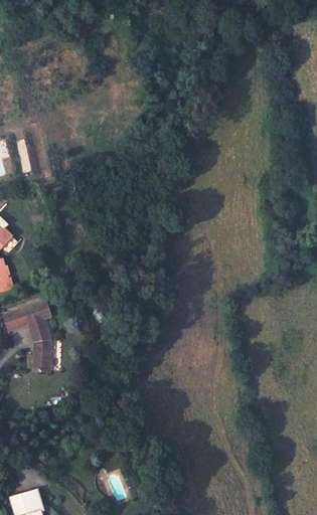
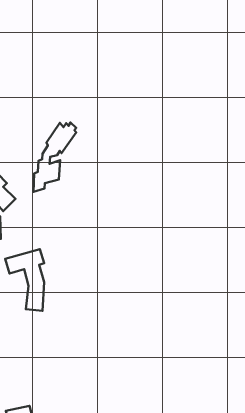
building: none -> [33,123,76,192]

